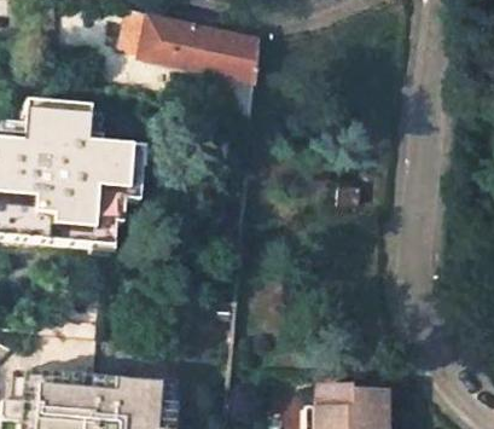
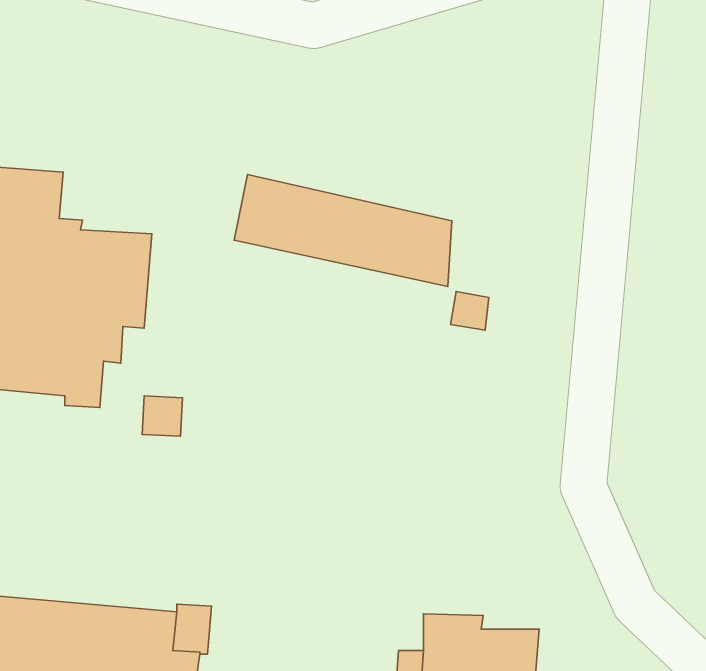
building: [120,8,256,79] -> [234,174,452,286]

